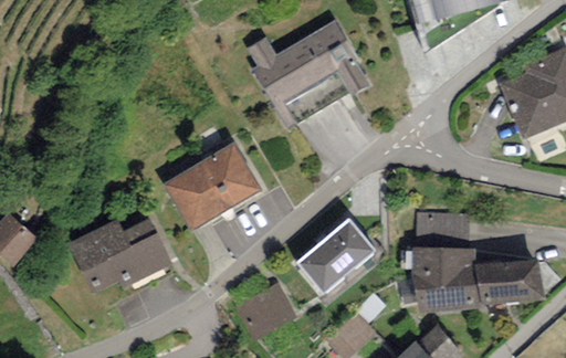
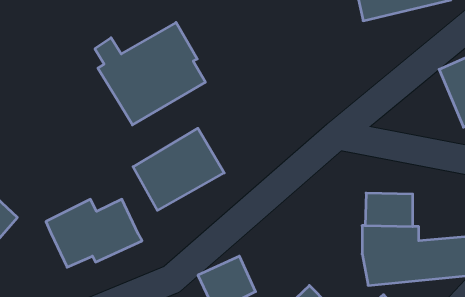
building: [247,19,367,130] -> [95,22,205,125]
building: [296,218,375,293] -> none

